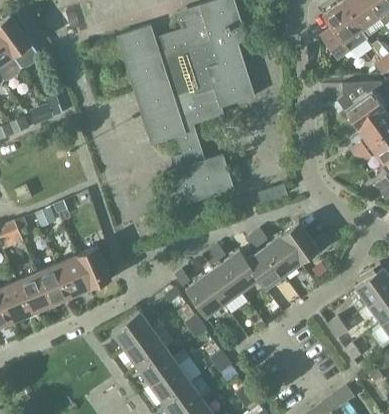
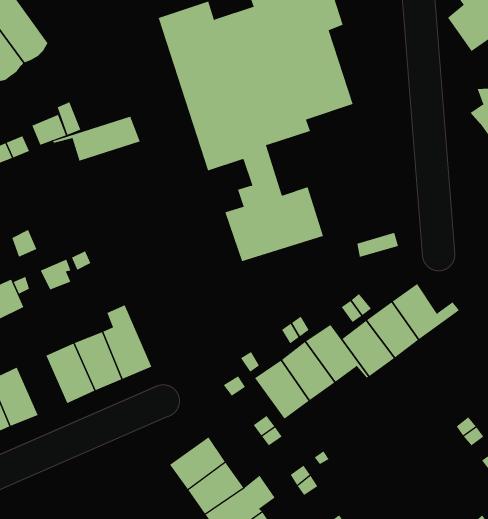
building: none -> [52,116,140,161]
building: [18,260,53,315] -> none
building: [112,312,153,350] -> none

